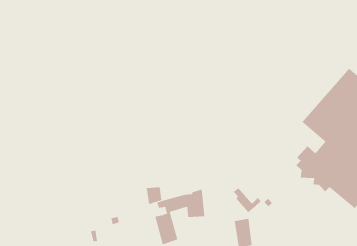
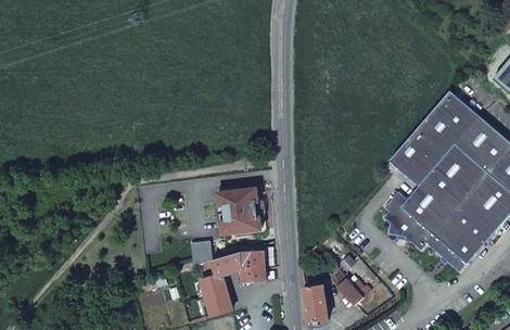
building: none -> [217,190,262,237]
building: [233,188,262,213] -> [334,272,371,305]

